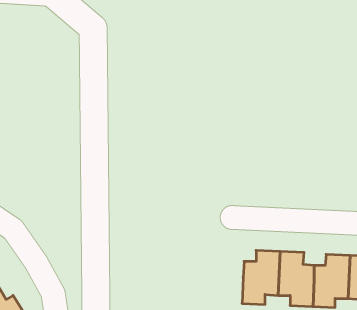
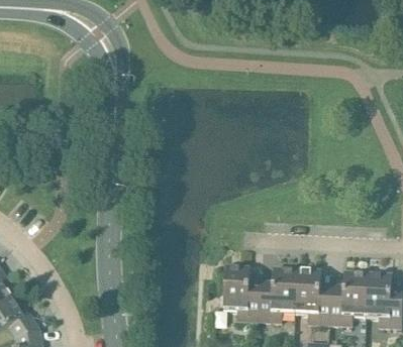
building: none -> [224,265,262,321]

